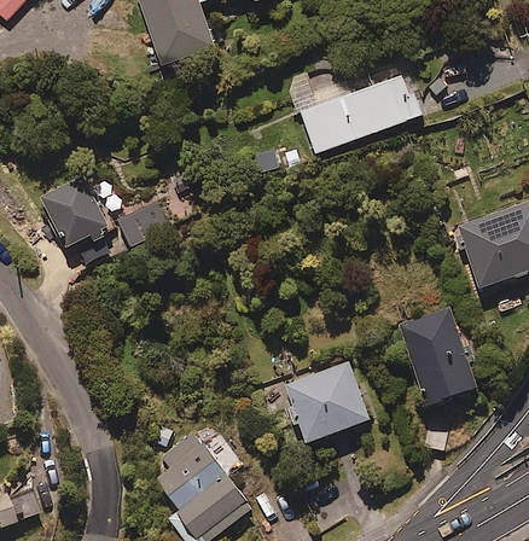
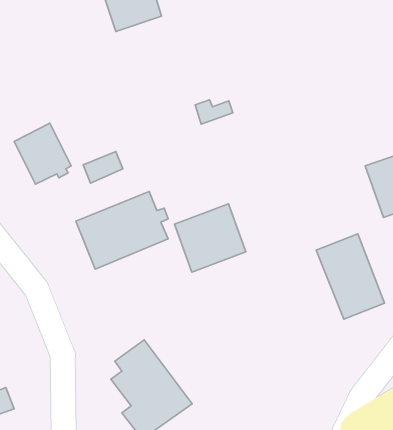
building: [287,71,420,153] -> none
building: none -> [76,192,168,269]
building: [284,361,368,442] -> [175,204,246,272]

